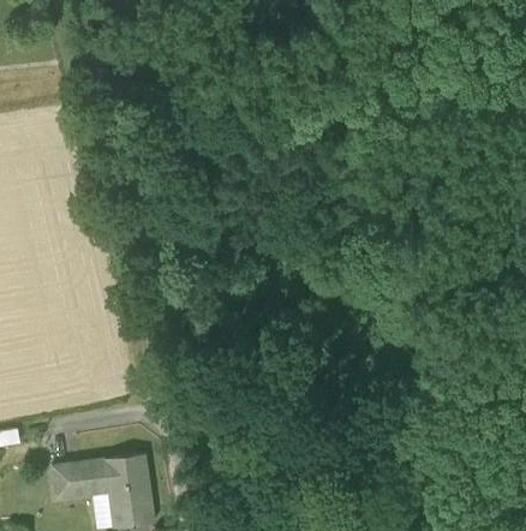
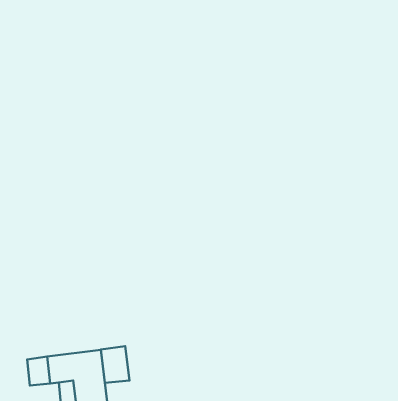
building: none -> [101,346,129,383]

